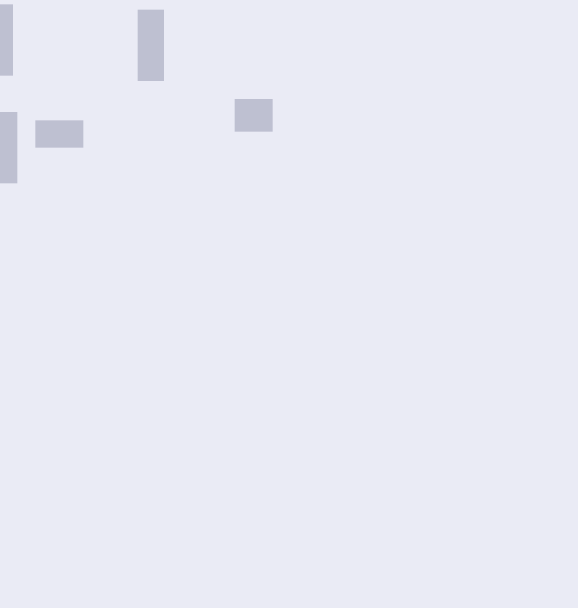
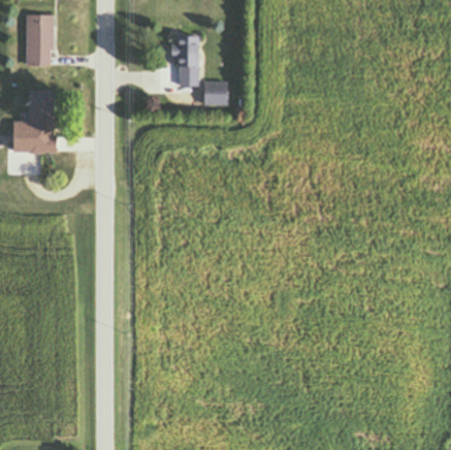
building: [137,9,165,82] -> [181,36,200,87]
building: [35,119,84,149] -> none

